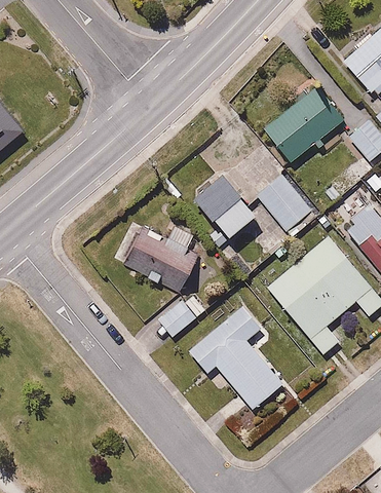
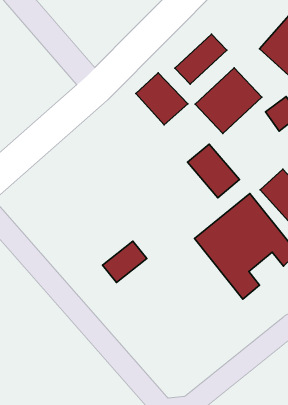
building: none -> [175,34,227,84]
building: [194,173,256,234] -> [136,73,188,125]
building: [127,224,199,282] -> none
building: [190,304,283,409] -> none

